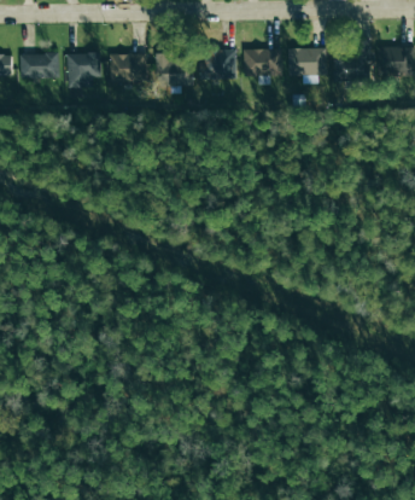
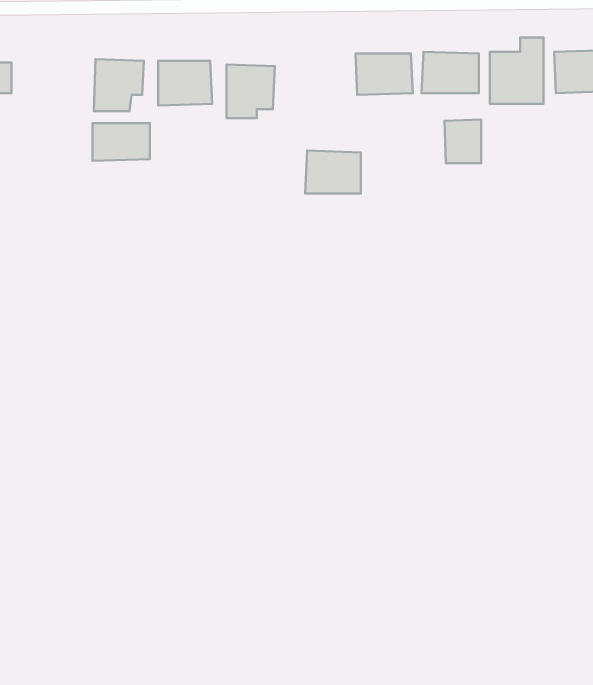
building: [198,50,235,79] -> [305,151,361,194]
building: [19,53,58,79] -> [92,123,150,161]
building: none -> [444,120,481,163]

